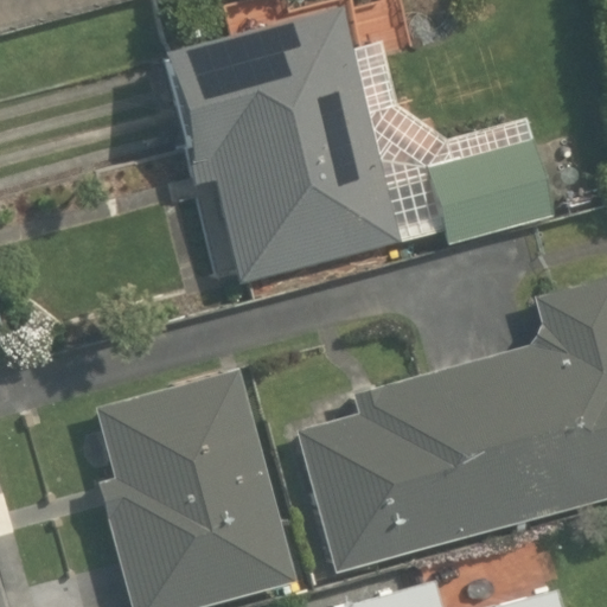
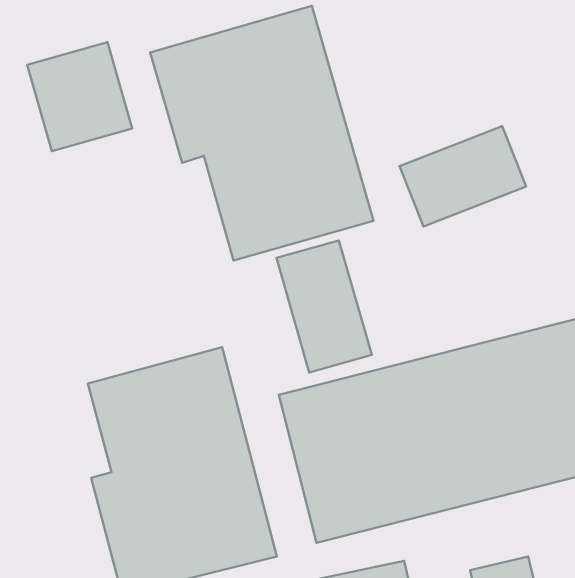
building: none -> [27,42,132,151]
building: none -> [276,240,372,372]

